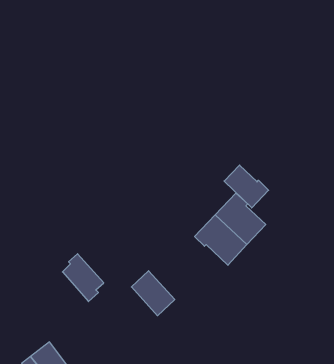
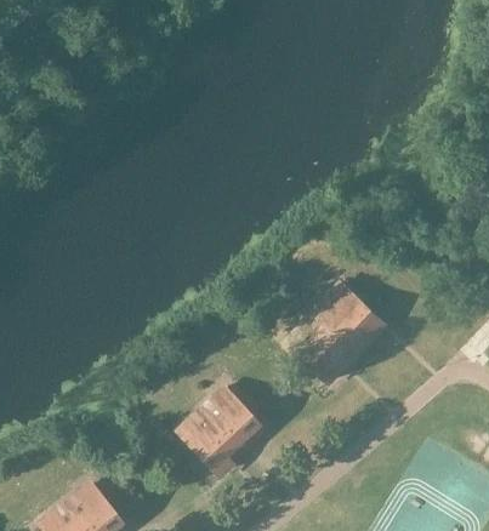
building: [224,165,269,208] -> none
building: [62,254,104,302] -> [182,407,238,472]

